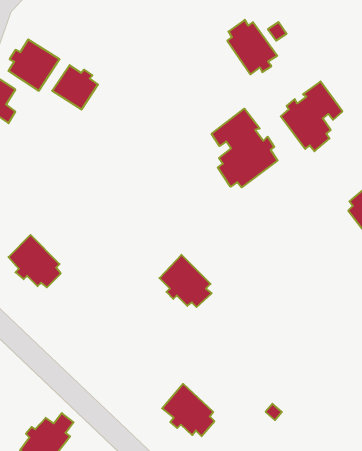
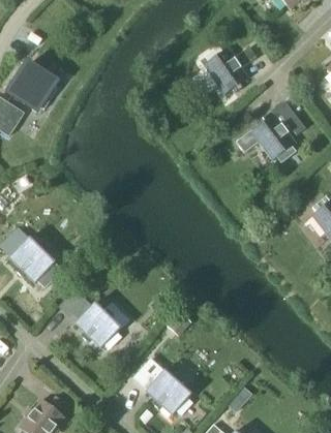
building: [52,65,98,110] -> none
building: [212,109,278,187] -> none
building: [159,255,212,307] -> [76,302,122,348]

